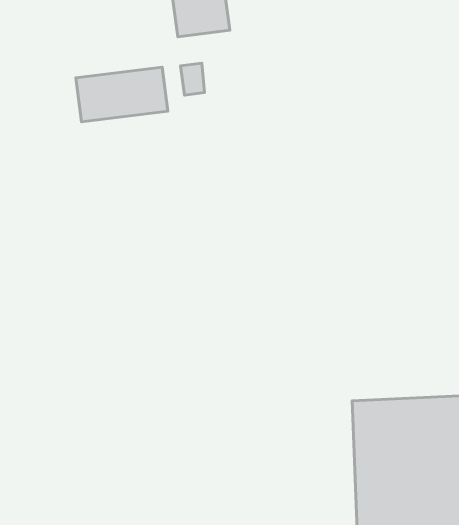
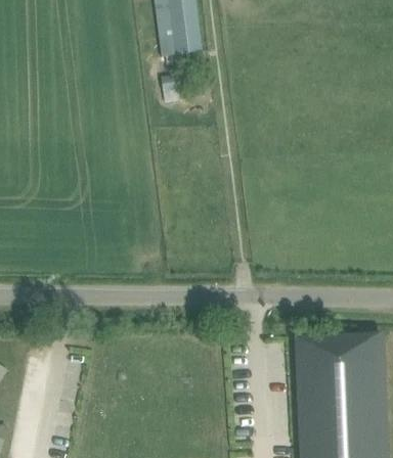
building: [76,67,168,122] -> none

